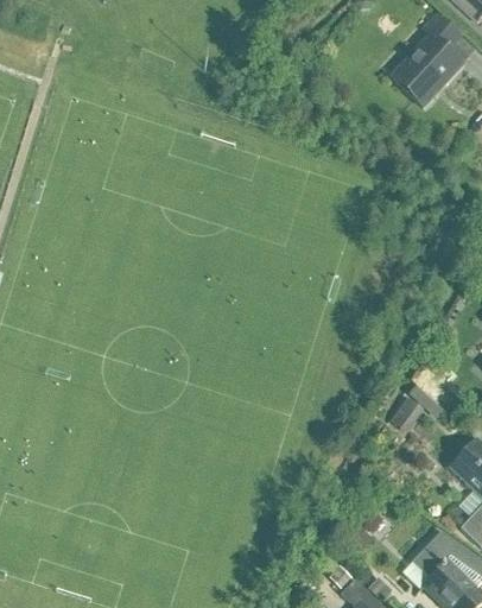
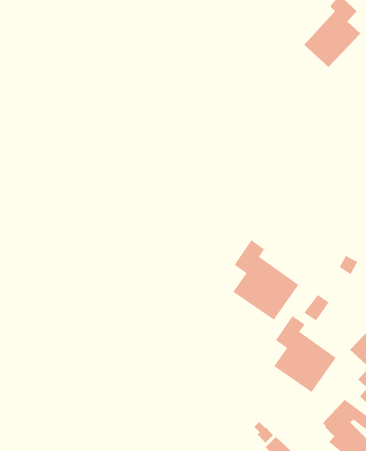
building: none -> [233,239,299,320]
building: none -> [273,315,336,393]

